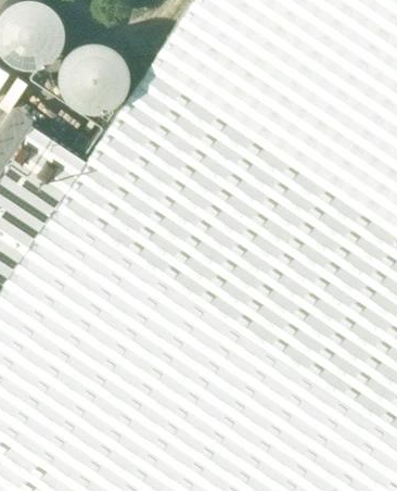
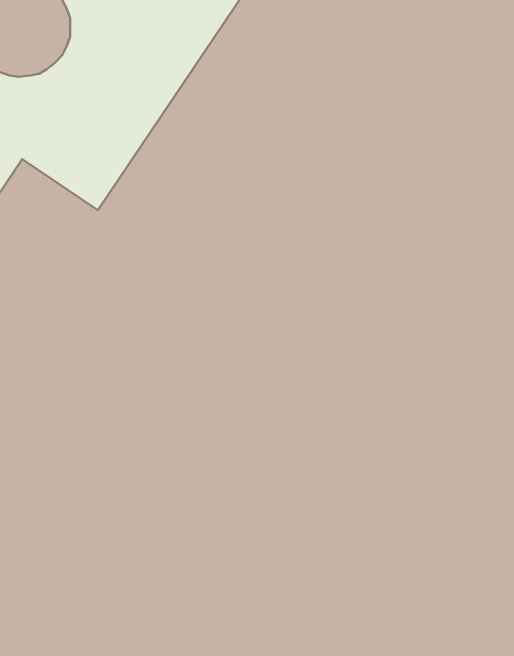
building: [59,43,130,115] -> none

